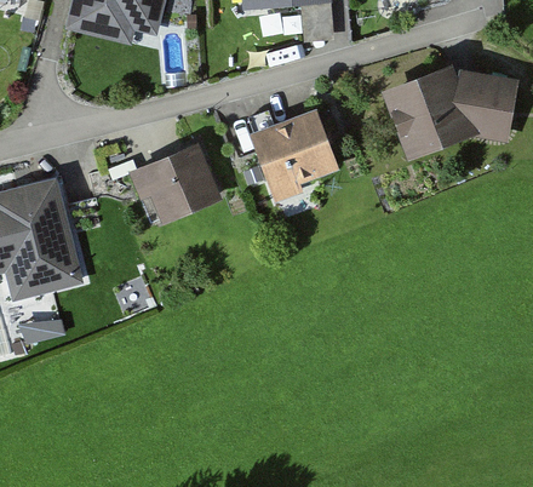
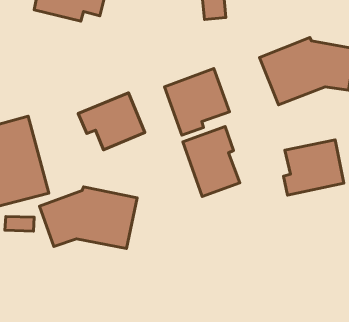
building: none -> [183,127,240,197]
building: none -> [284,140,344,195]
building: none -> [39,187,137,249]

